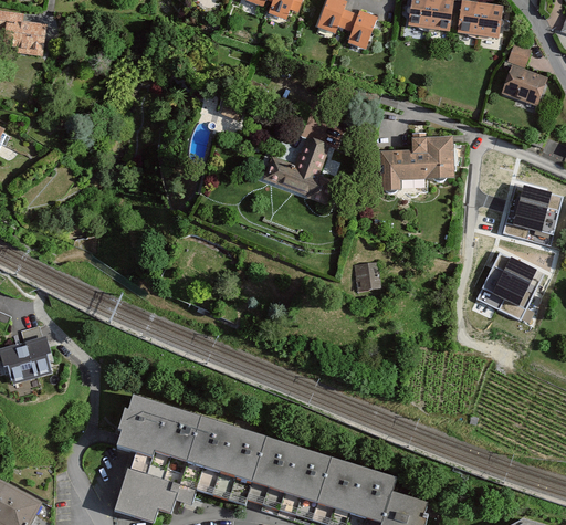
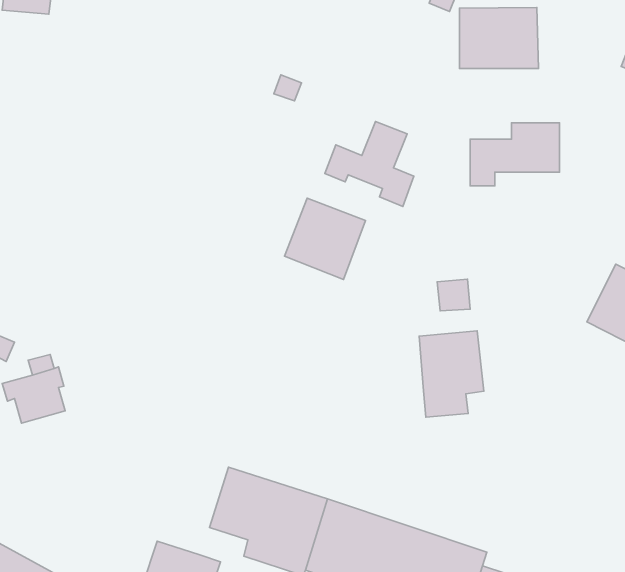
building: none -> [459,8,538,69]
building: none -> [284,198,365,280]
building: none -> [419,331,484,417]
building: [116,396,186,484] -> none

